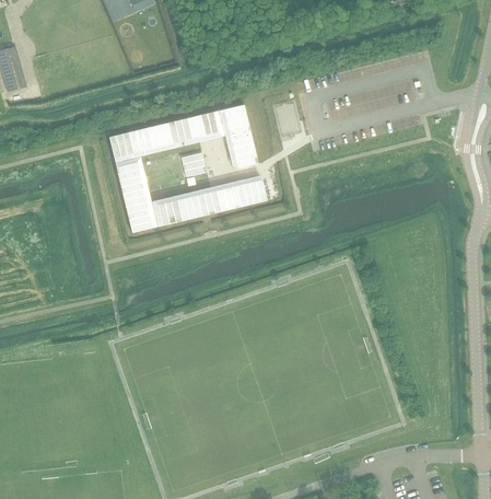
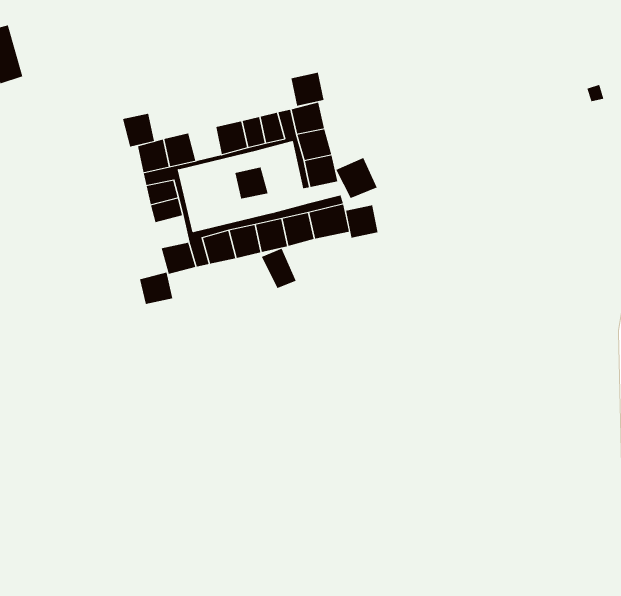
building: none -> [291,72,324,107]
building: [148,123,172,148] -> [122,113,155,147]
building: none -> [335,157,377,199]
building: none -> [346,204,378,239]
building: [122,188,148,212] -> [139,272,173,304]
building: none -> [261,248,297,289]

